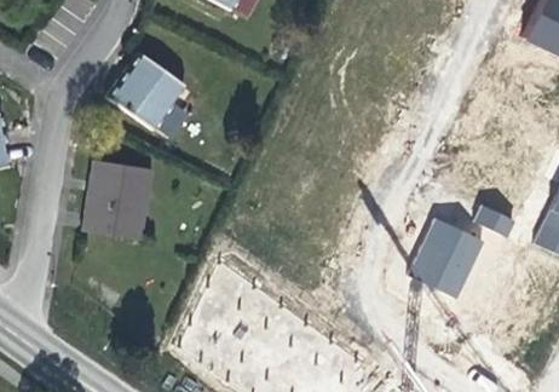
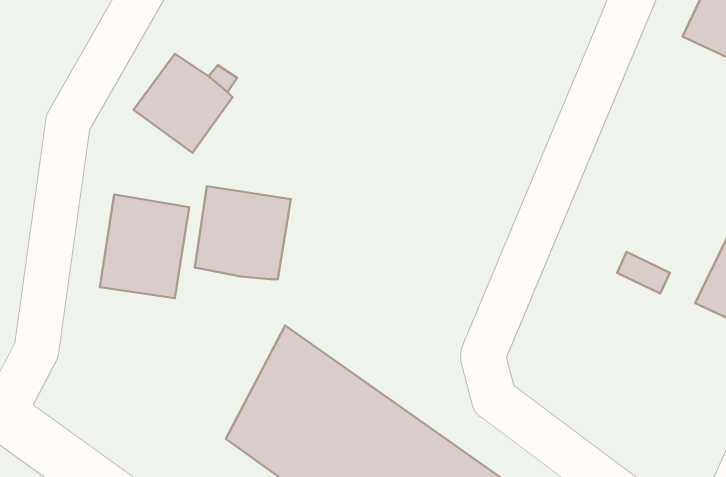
building: none -> [195,186,291,279]
building: [409,217,484,296] -> none

